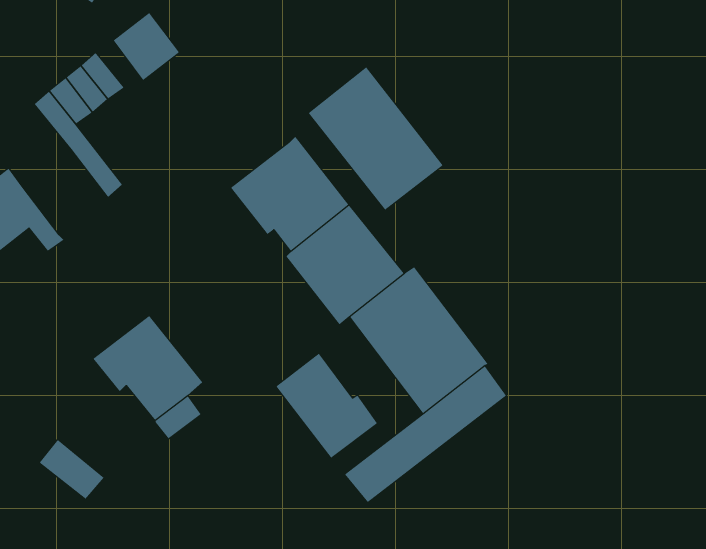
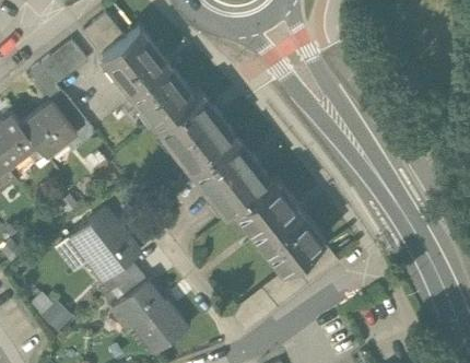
building: [308,66,444,210] -> [106,32,195,126]
building: none -> [21,101,77,156]
building: [276,353,378,458] -> [118,282,185,351]

